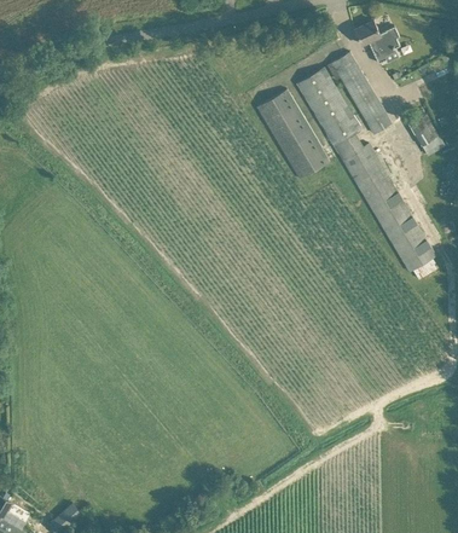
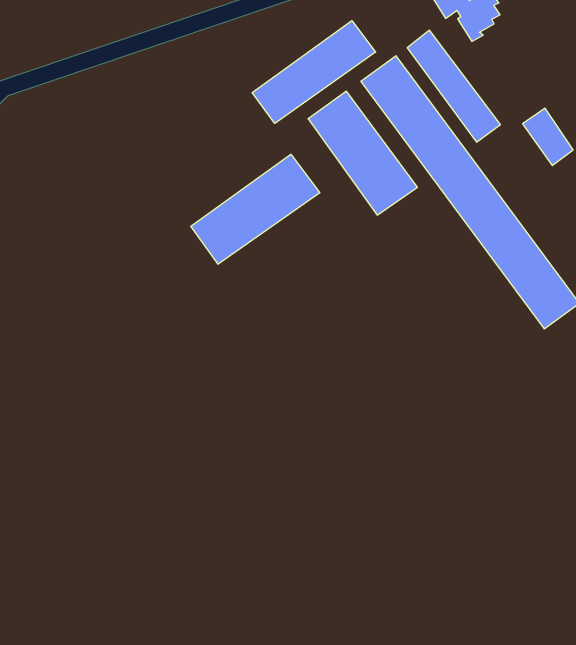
building: none -> [252,21,376,123]
building: none -> [191,154,320,264]

